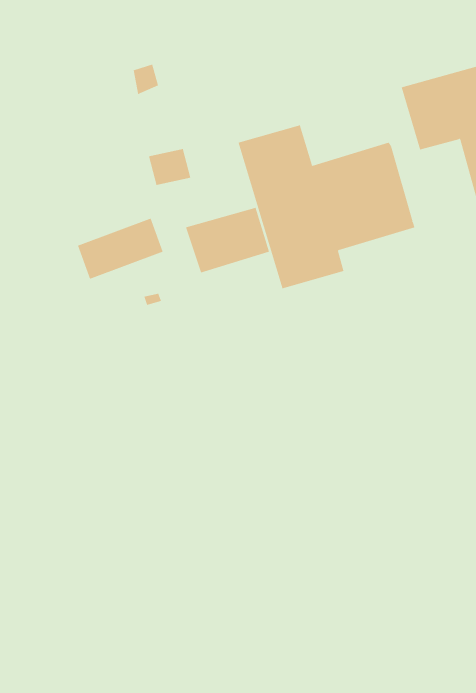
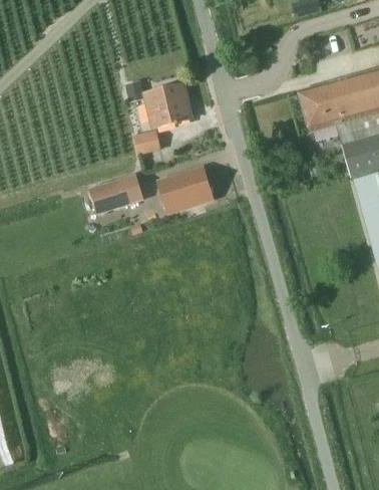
building: none -> [143,83,194,129]
building: [238,125,415,289] -> none

